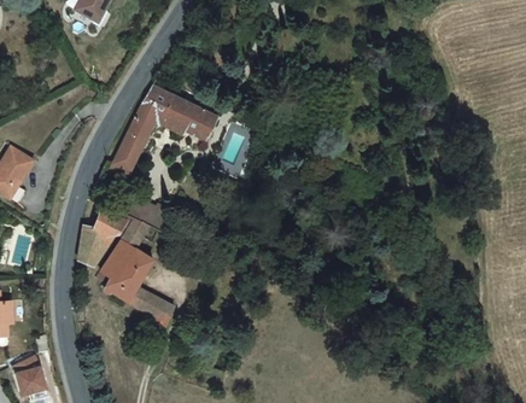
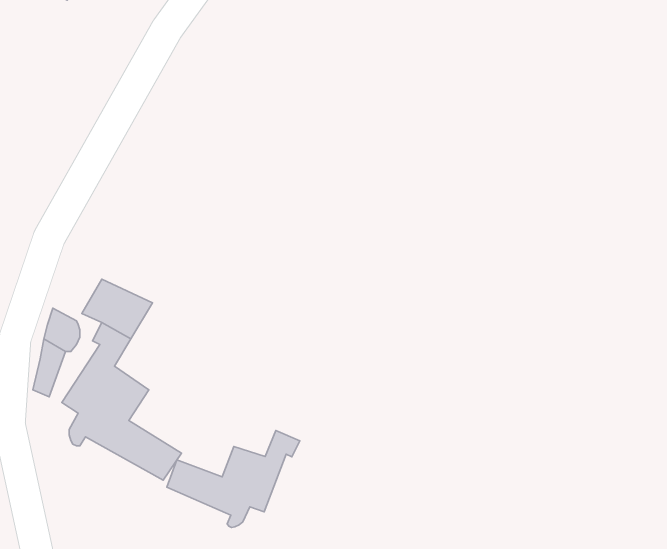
building: [111,93,214,182] -> none
building: none -> [167,430,300,528]

